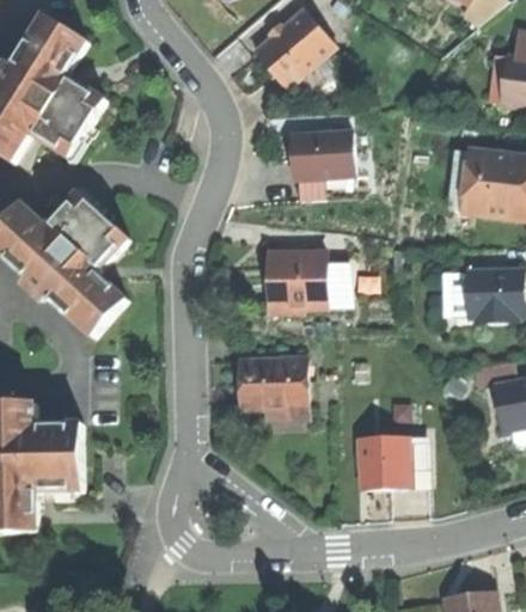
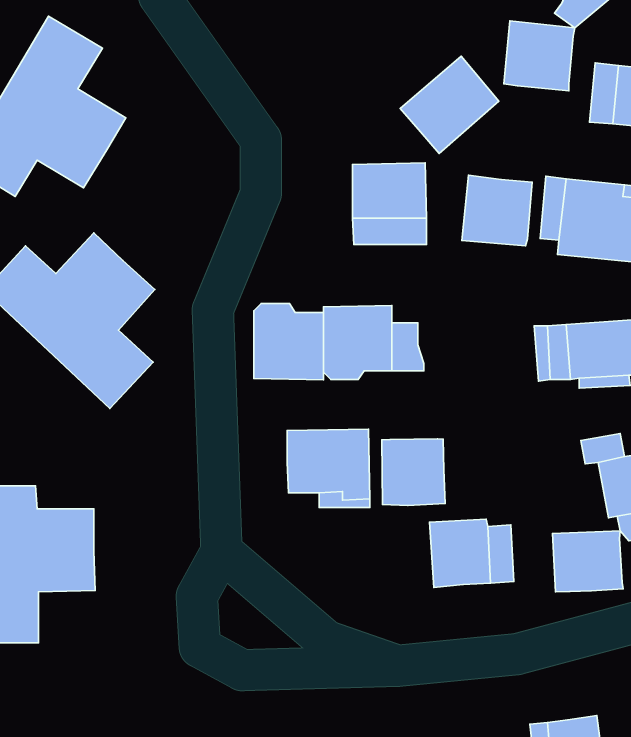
building: [252,8,334,88] -> [400,56,499,154]
building: none -> [504,21,575,91]
building: none -> [462,175,532,246]
building: none -> [254,303,323,380]
building: none -> [382,439,445,505]
building: none -> [553,531,623,592]

